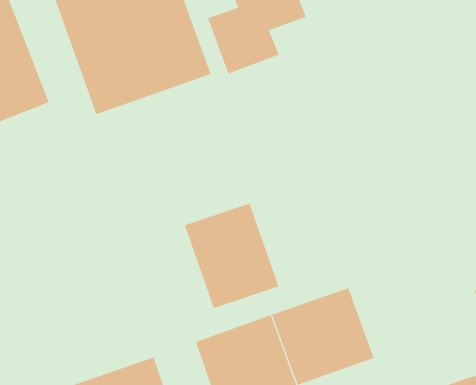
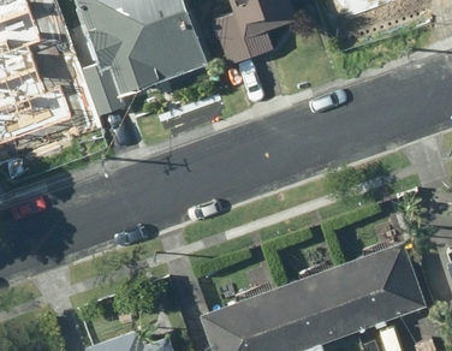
building: [184,203,279,309] -> none
building: none -> [334,239,426,326]

